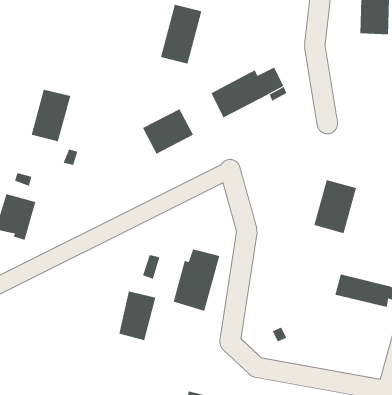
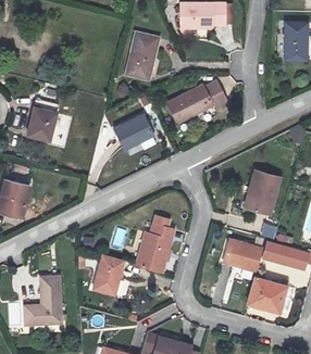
building: none -> [224,238,264,270]
building: none -> [249,277,287,312]
building: none -> [25,278,64,327]

